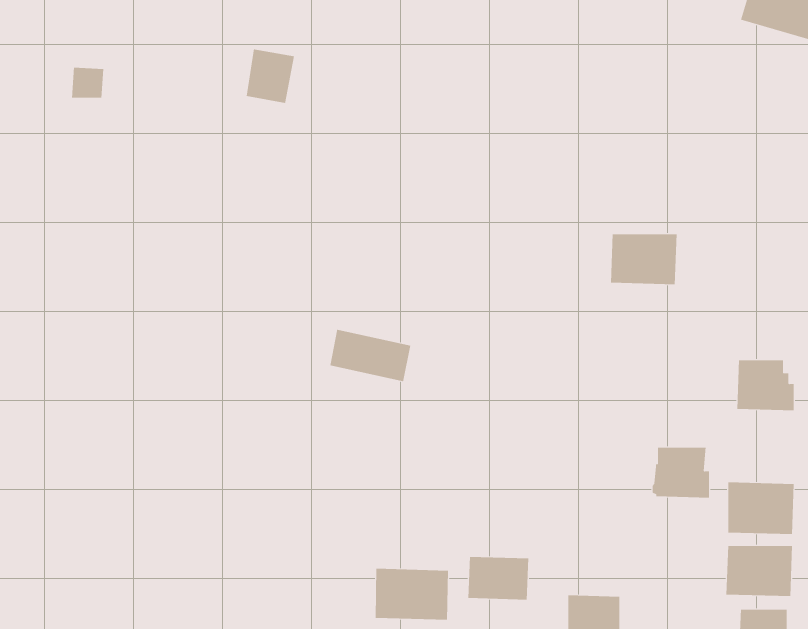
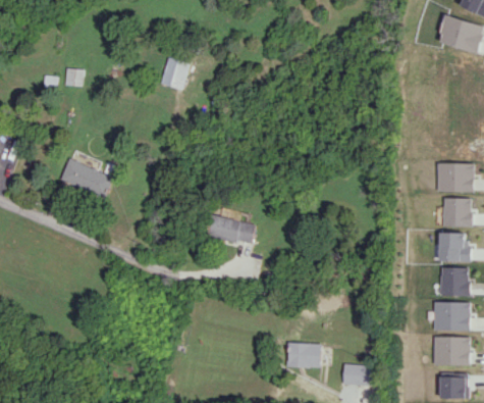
building: none -> [61,157,115,199]
building: [610,234,677,285] -> [434,163,472,192]
building: none -> [440,198,471,226]
building: [652,447,710,498] -> [437,267,470,296]
building: [375,568,448,621] -> none

